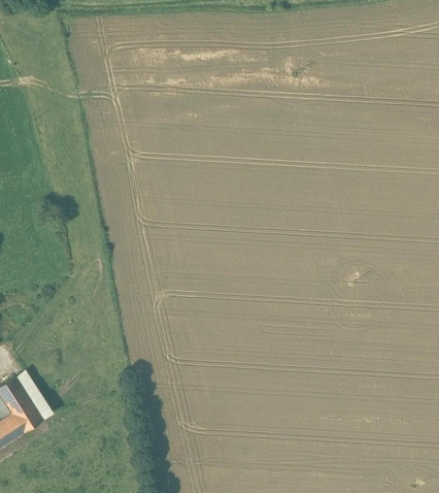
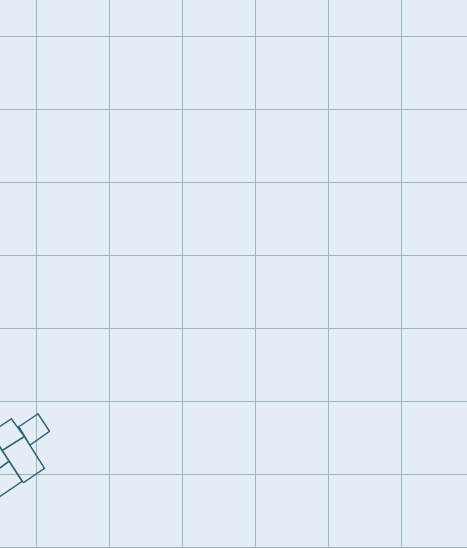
building: none -> [19,414,49,445]

